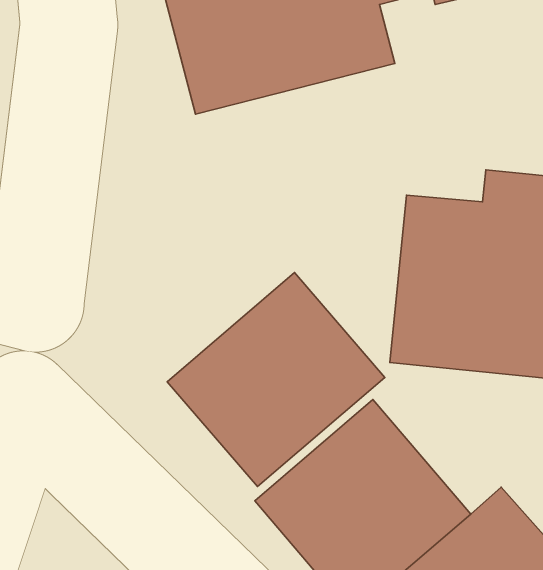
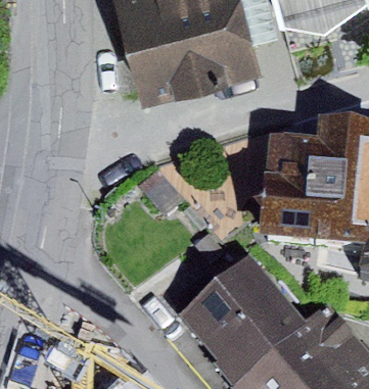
building: [167,273,385,487] -> none

